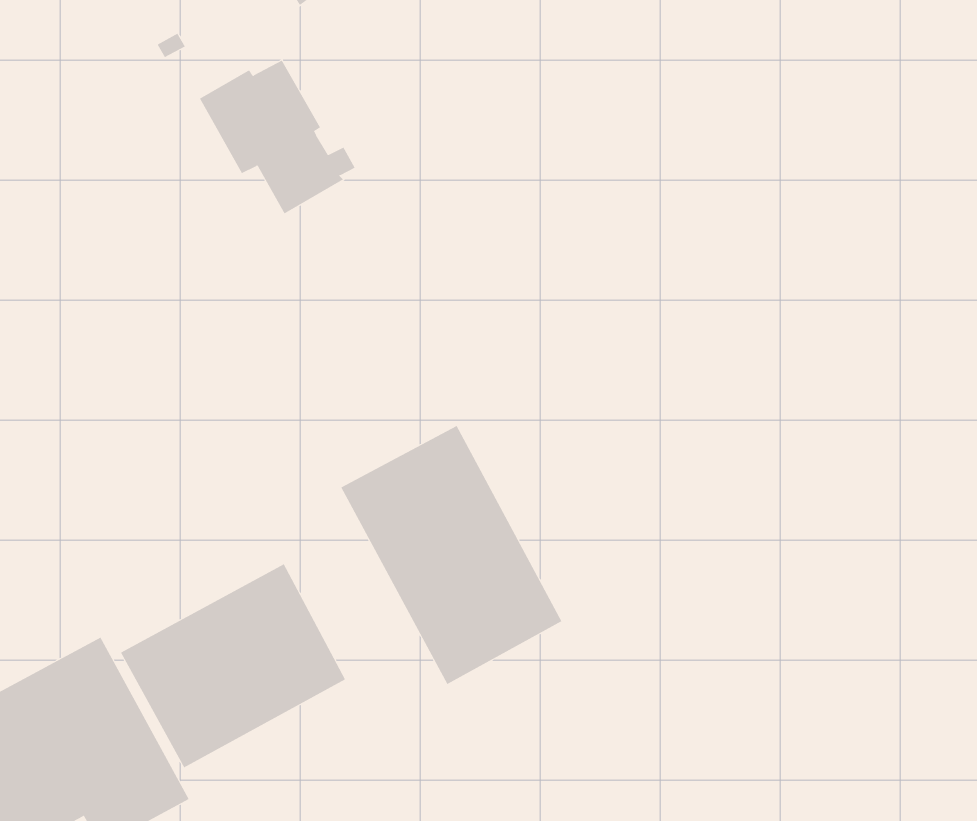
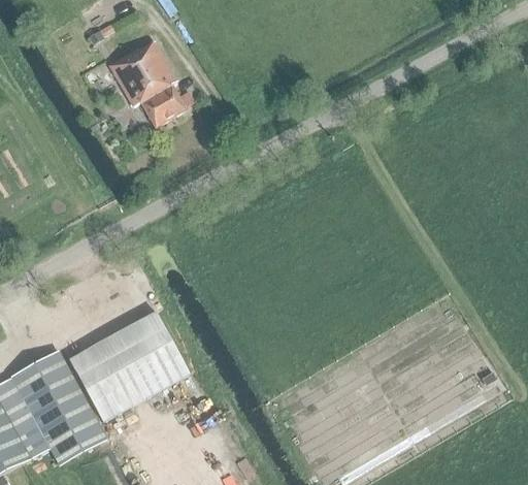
building: [340,425,562,685] -> none

